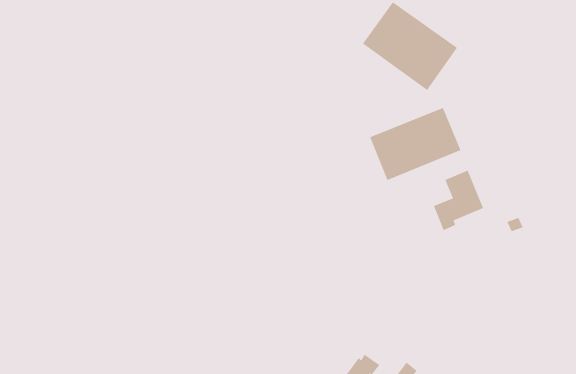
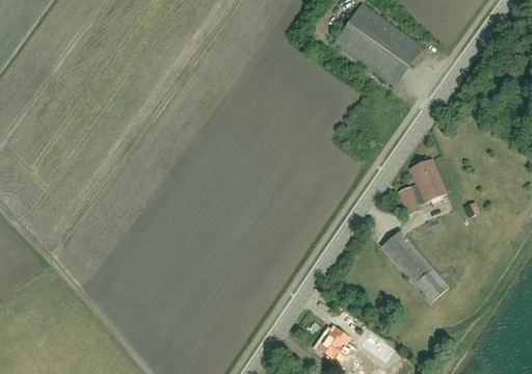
building: [370,107,461,181] -> none
building: none -> [380,230,449,303]

